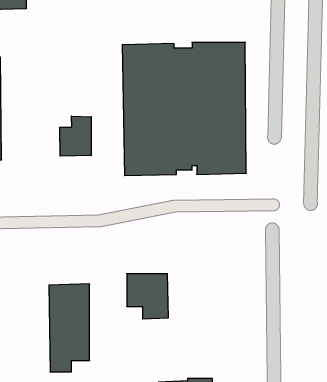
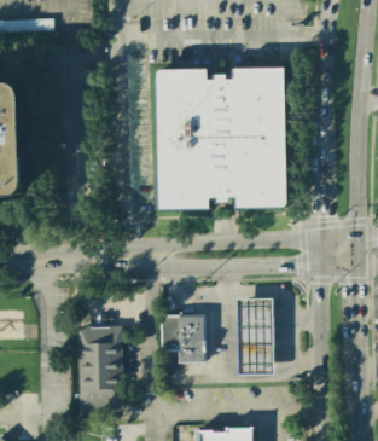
building: [60,116,91,156] -> none
building: none -> [235,298,273,376]

